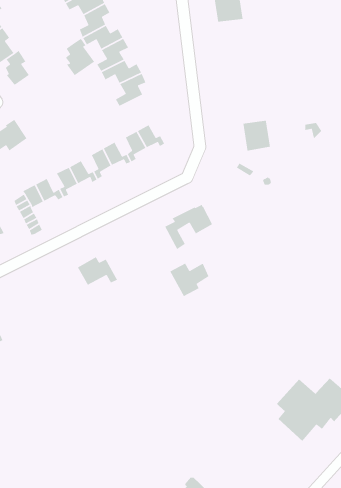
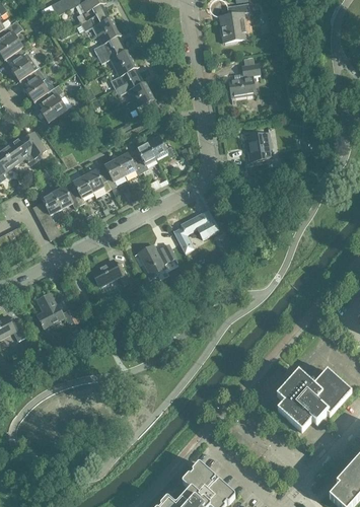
building: [58,38,95,76] -> [32,86,67,122]
building: none -> [228,57,260,97]
building: [169,262,210,297] -> [137,243,174,276]
building: none -> [35,292,75,329]

